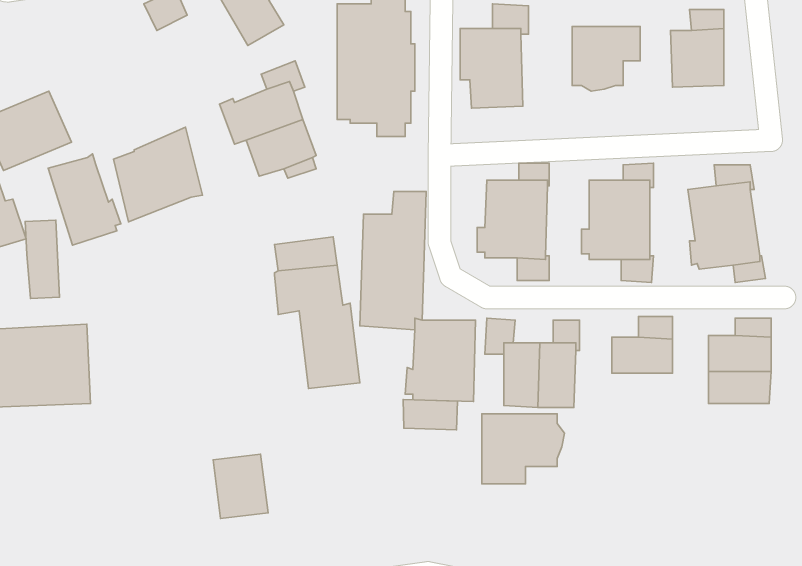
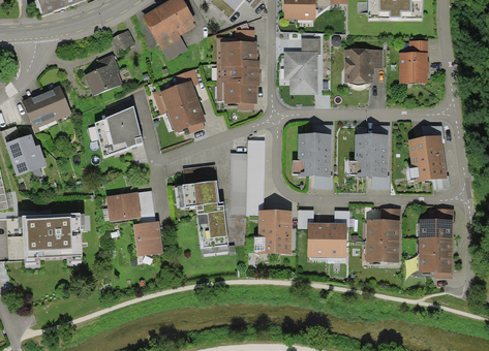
building: none -> [84,55,122,96]
building: [48,154,121,245] -> none
building: [25,220,60,298] -> none
building: none -> [105,192,141,222]
building: none -> [365,240,399,263]
building: [403,399,457,430] -> none
building: none -> [418,256,452,273]
building: [482,414,564,484] -> none
building: [213,454,268,518] -> [132,222,162,257]

